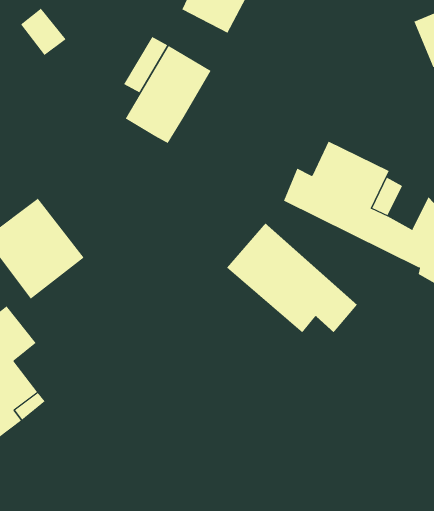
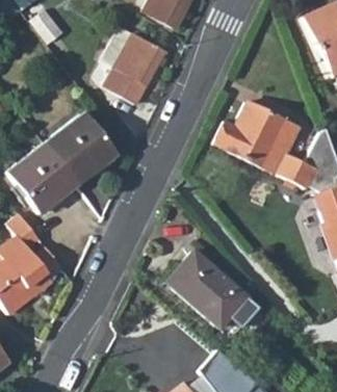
building: none -> [44,111,113,182]
building: [226,223,358,333] -> [166,250,258,326]

